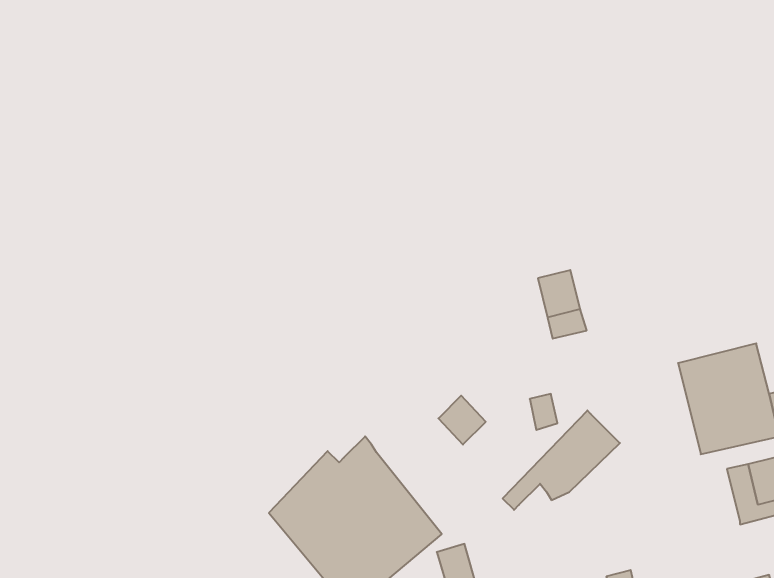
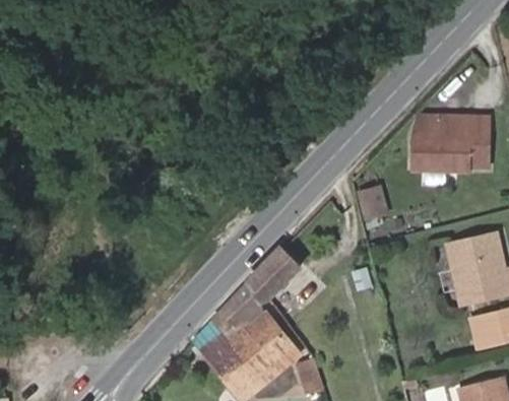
building: none -> [409,116,489,170]
building: [503,410,620,510] -> [229,247,302,309]

